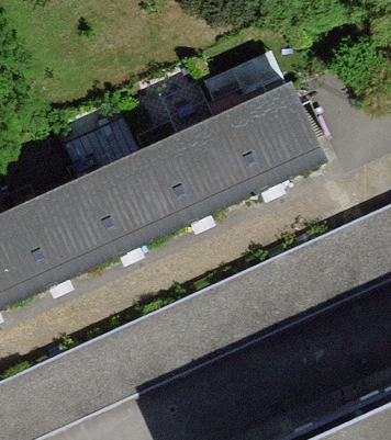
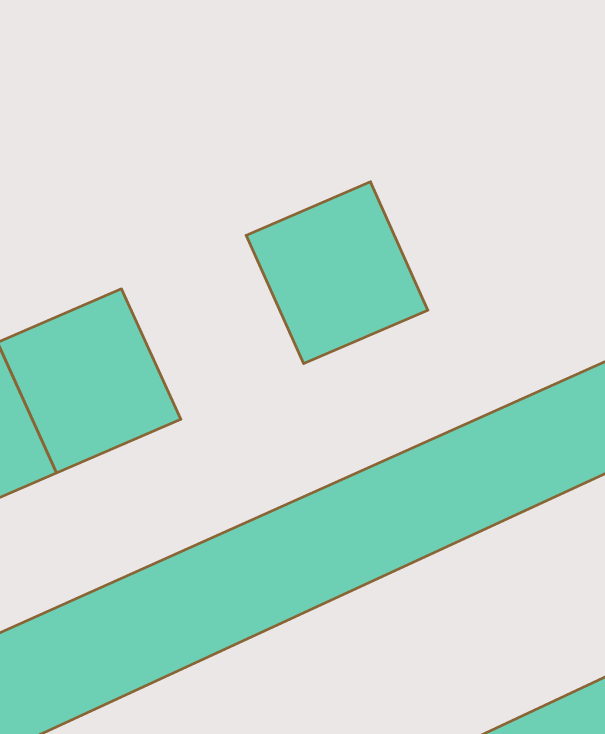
building: [216,90,321,194] -> none
building: [74,151,178,257] -> none

